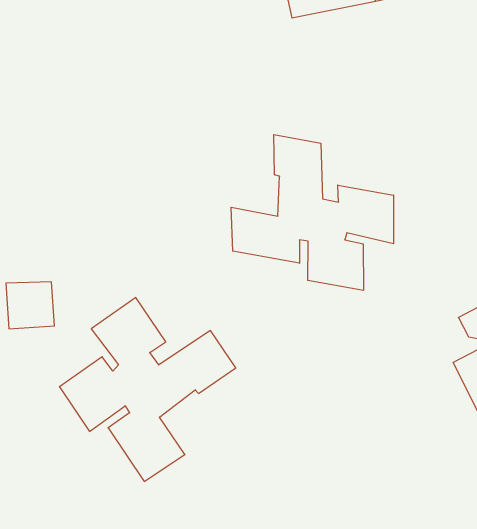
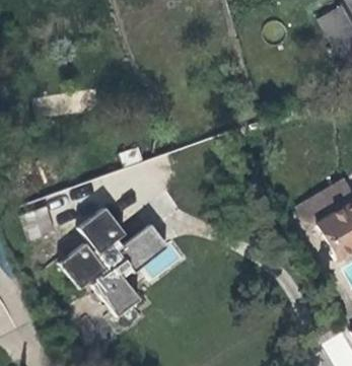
building: [231,135,393,290] -> none

